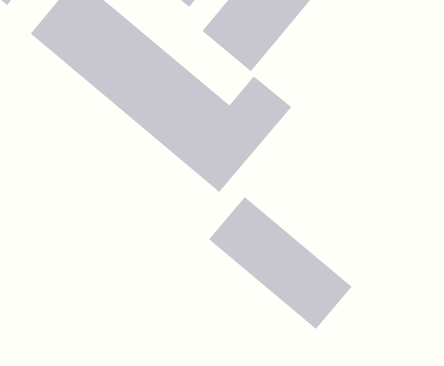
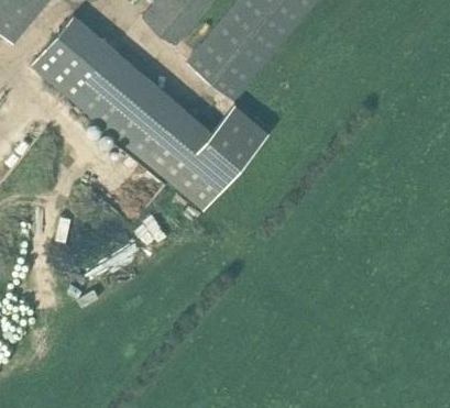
building: [208,196,352,330] -> none

